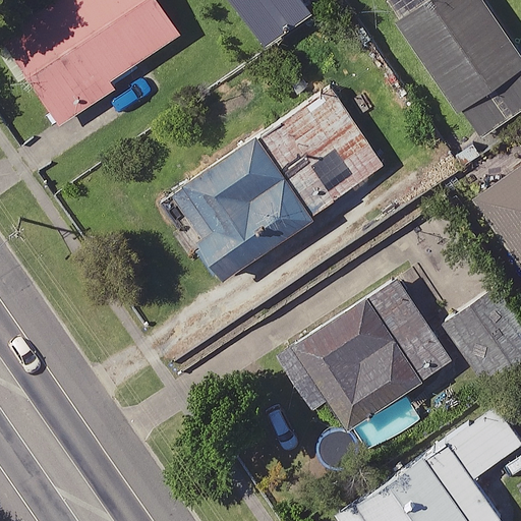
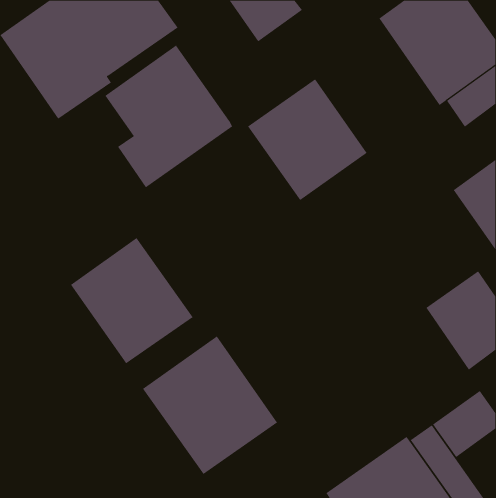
building: [181,133,314,282] -> [104,45,233,188]
building: none -> [70,237,193,364]
building: [277,276,454,430] -> none
building: none -> [142,336,278,475]

